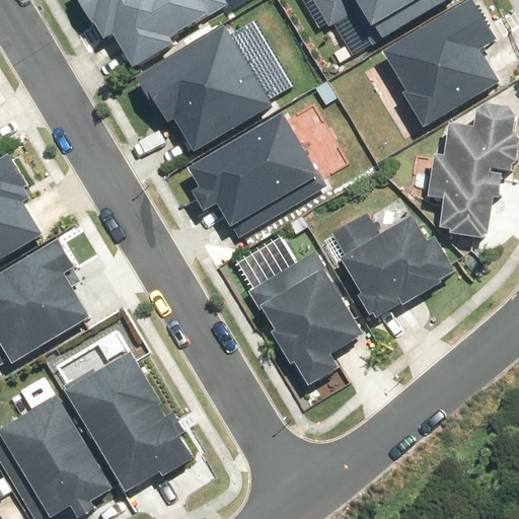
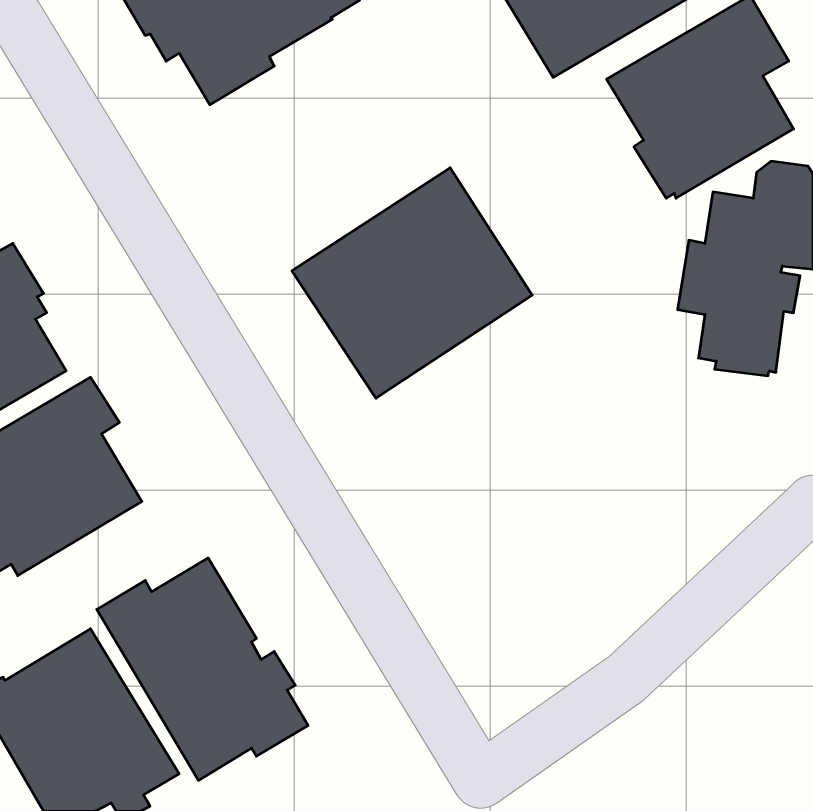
building: [136,18,278,159] -> none
building: [329,209,455,316] -> none
building: [245,248,363,384] -> none

